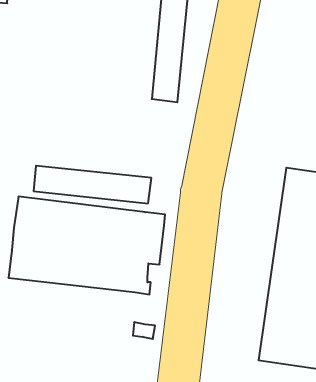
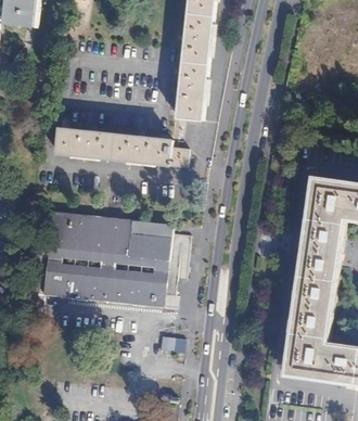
building: [34,166,151,203] -> [57,128,172,165]

